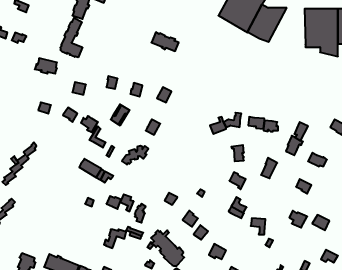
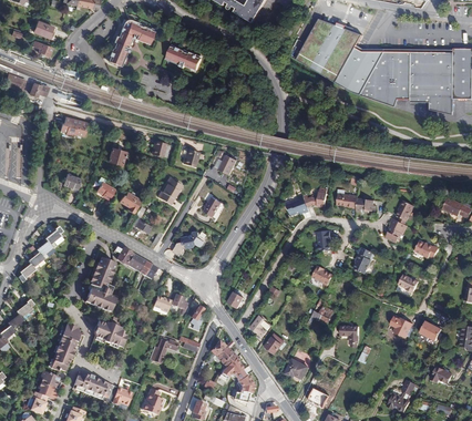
building: none -> [362,51,410,106]
building: [60,18,82,57] -> none
building: [151,32,179,51] -> [165,45,201,70]
building: none -> [85,256,115,311]
building: none -> [93,320,126,347]
building: none -> [50,324,80,371]

